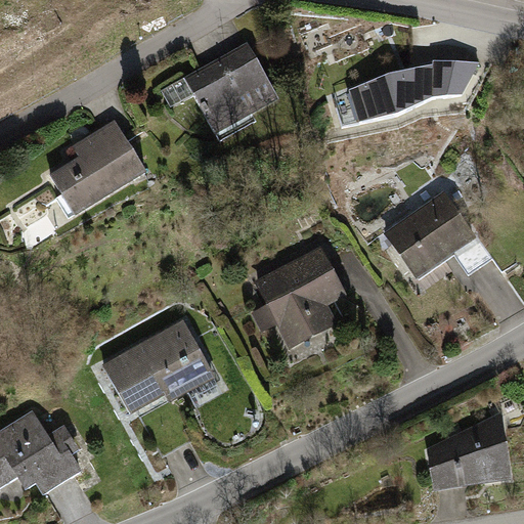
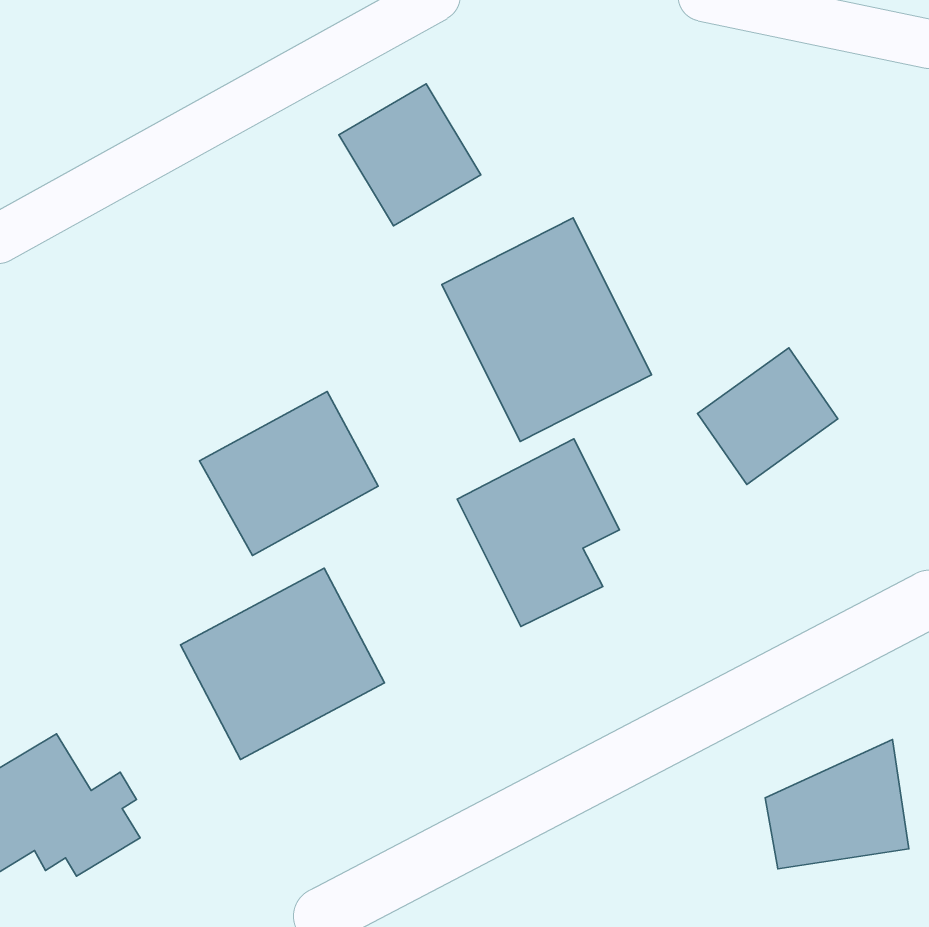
building: [349,59,479,120] -> none
building: none -> [442,218,652,441]
building: [44,126,144,218] -> [200,392,378,555]

